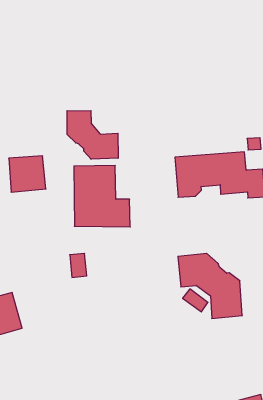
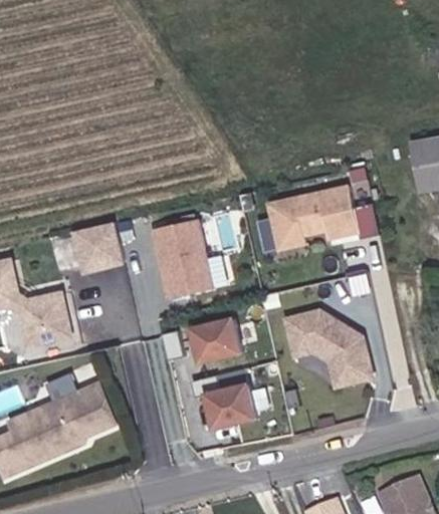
building: [67,111,118,159] -> none
building: none -> [193,315,242,359]
building: none -> [207,382,257,427]

